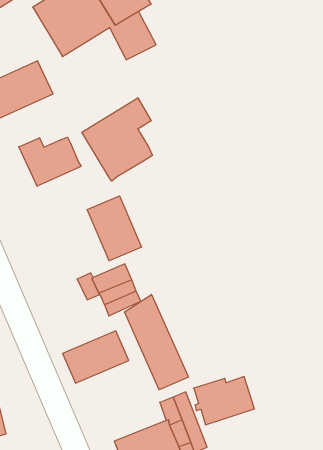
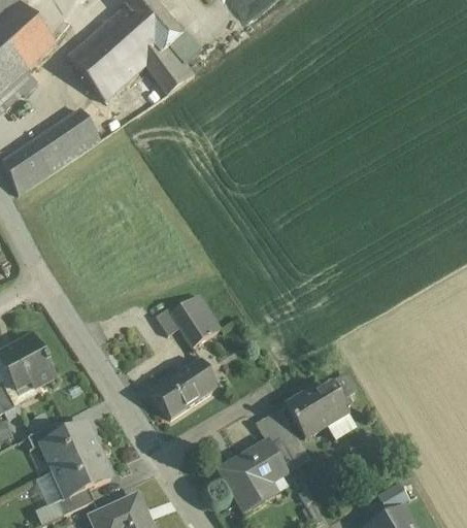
building: [82,98,153,181] -> none
building: [19,137,81,186] -> none
building: [87,196,142,261] -> none
building: [124,294,189,390] -> none

